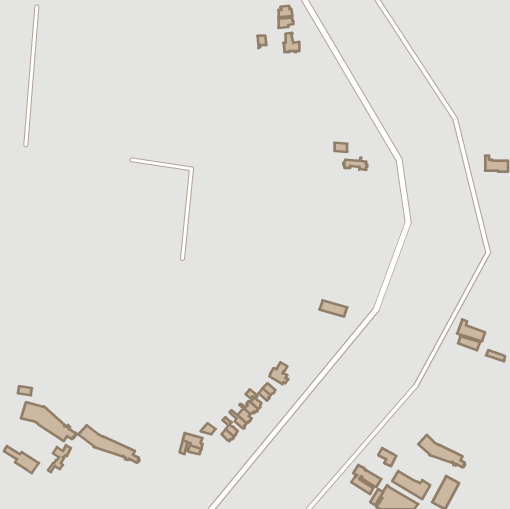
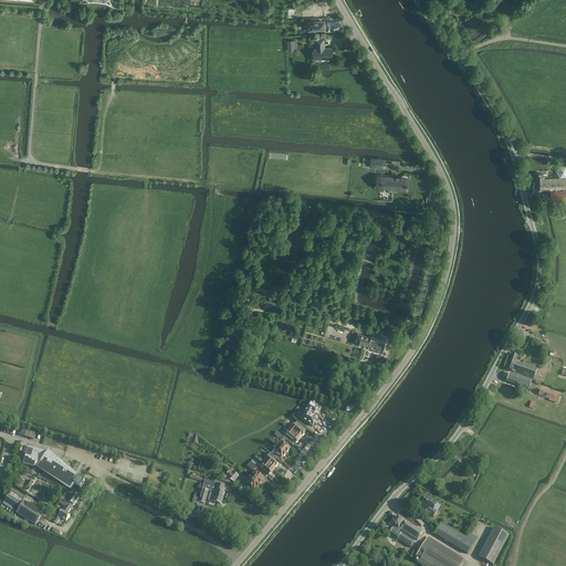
building: [78,425,139,463] -> none
building: [418,435,465,467] -> none

